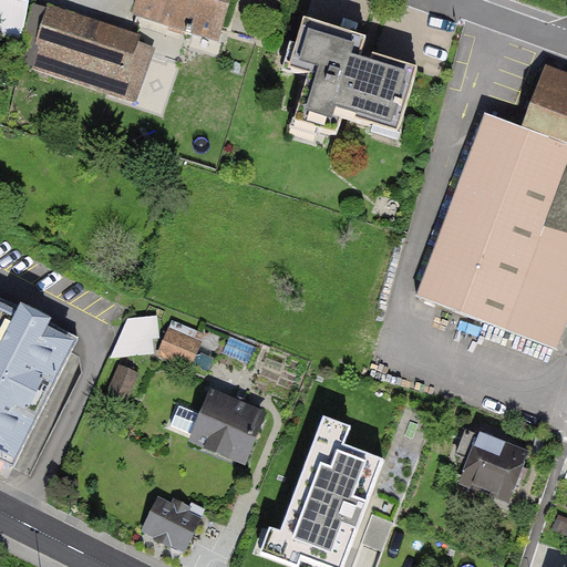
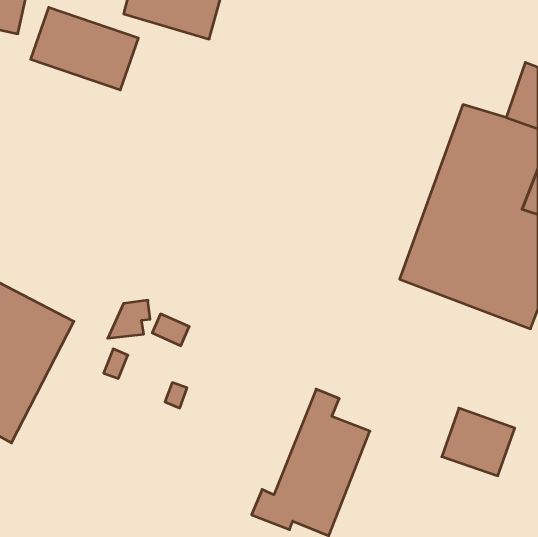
building: [289,18,416,134] -> none
building: [189,386,261,456] -> none
building: [145,499,198,549] -> none

